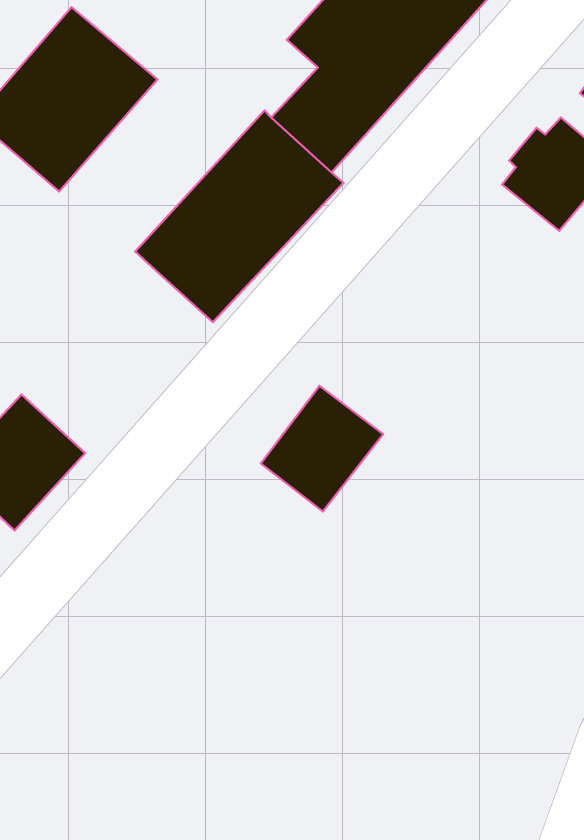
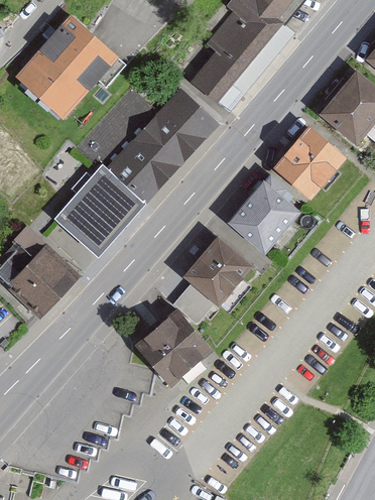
building: none -> [275,122,347,197]
building: none -> [51,165,153,262]
building: none -> [229,179,300,253]
building: none -> [139,307,214,380]

